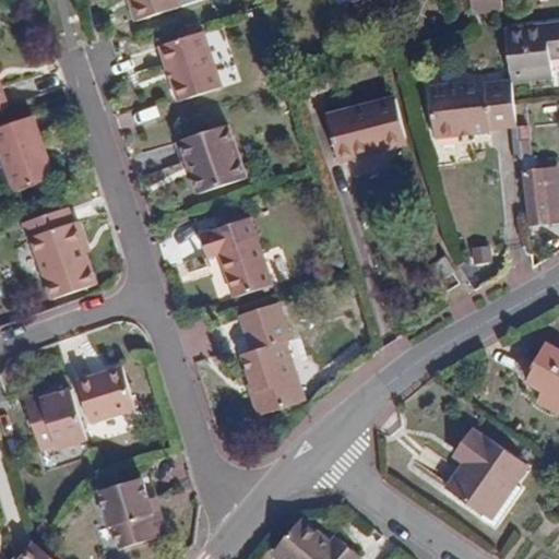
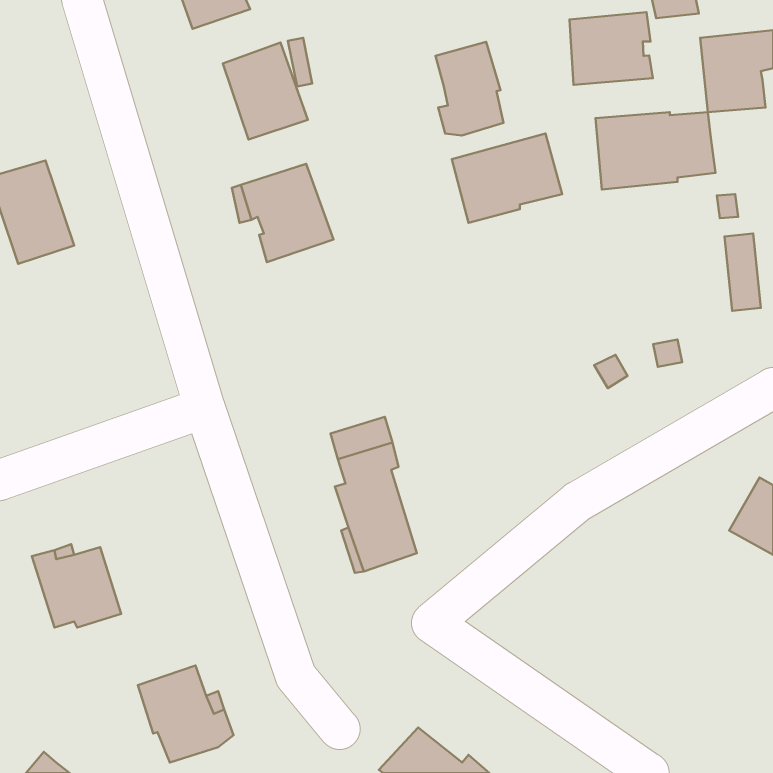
building: none -> [569,12,653,85]
building: none -> [436,42,504,136]
building: [22,205,94,296] -> none
building: [198,213,271,293] -> none
building: [76,365,134,424] -> none
building: [445,429,526,527] -> none

